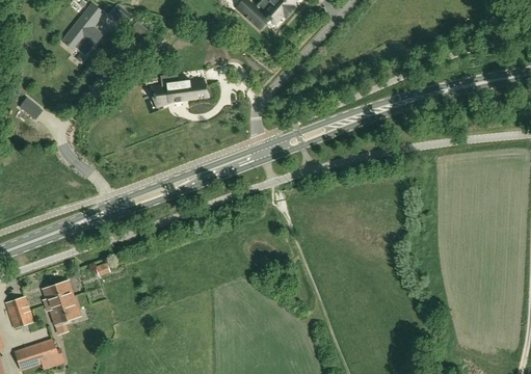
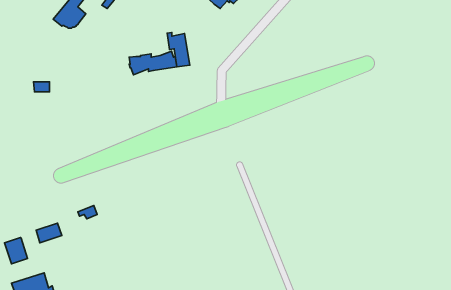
building: none -> [167,32,190,67]
building: [47,295,79,324] -> none

